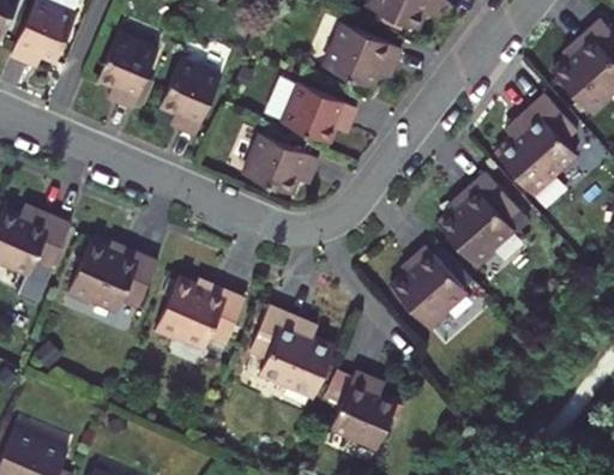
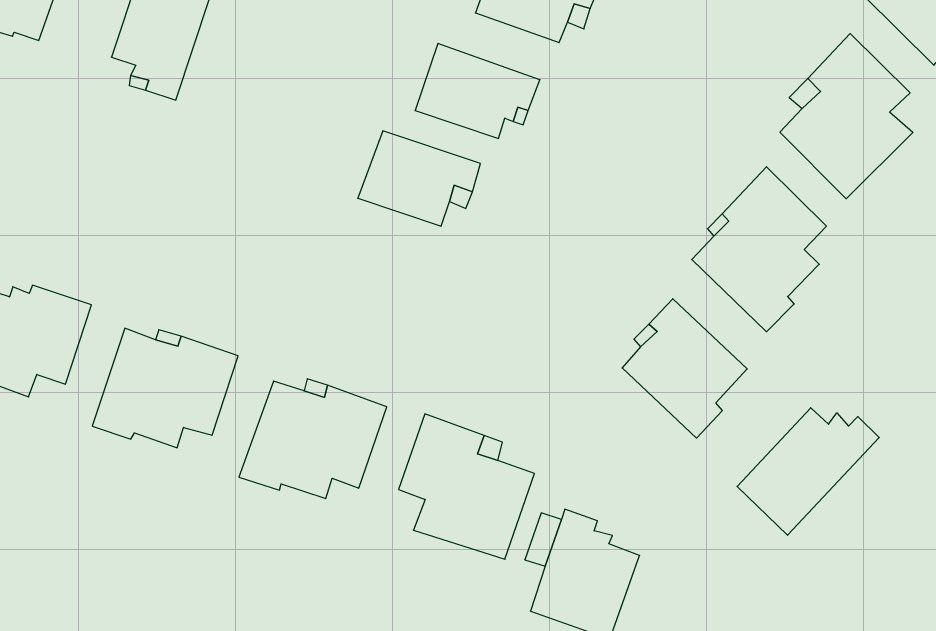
building: [162,55,224,133] -> none
building: none -> [737,408,879,535]

